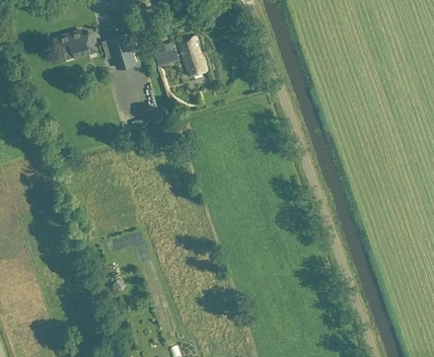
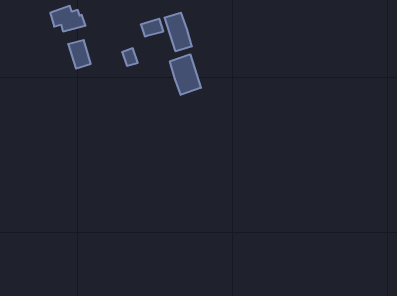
building: [110,32,133,62] -> [68,40,91,69]
building: none -> [170,54,201,95]

